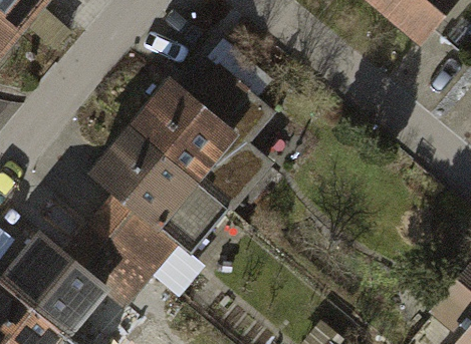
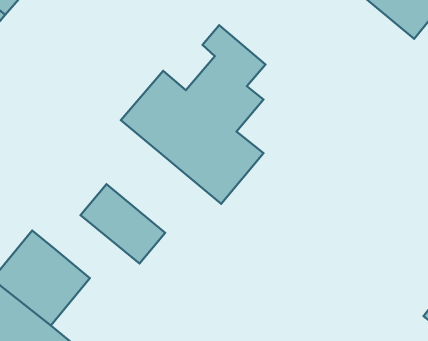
building: [94,127,228,252] -> none
building: [65,220,149,298] -> none

